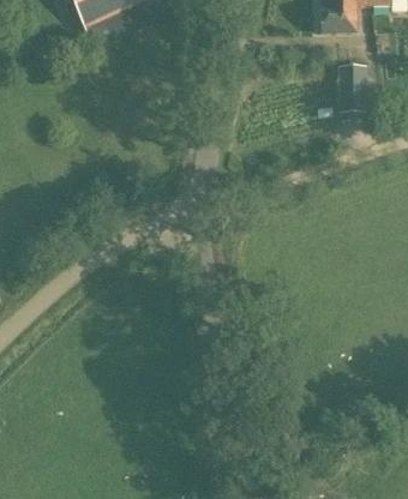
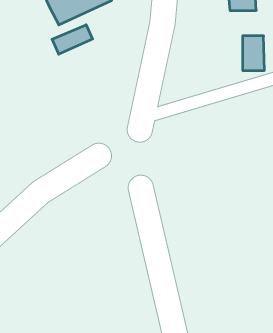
building: none -> [52,25,93,54]

